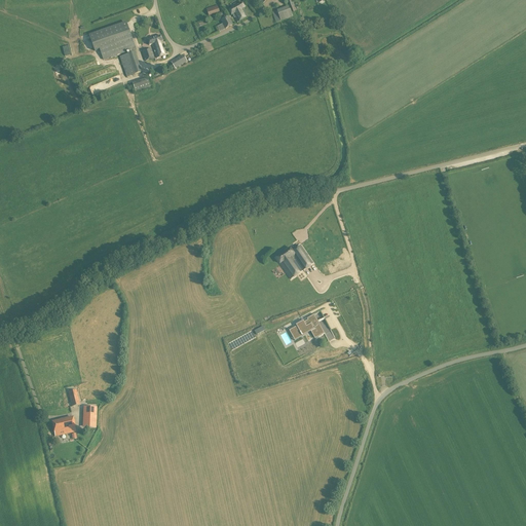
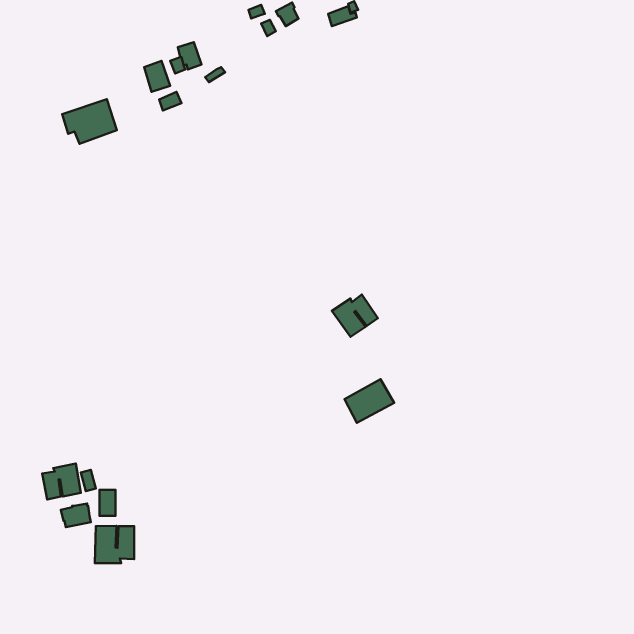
building: [88,22,134,59] -> [62,99,117,144]
building: none -> [42,463,81,499]
building: none -> [95,526,134,563]

